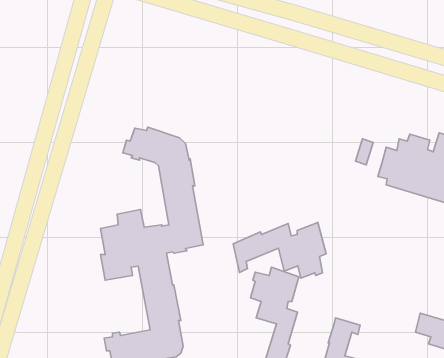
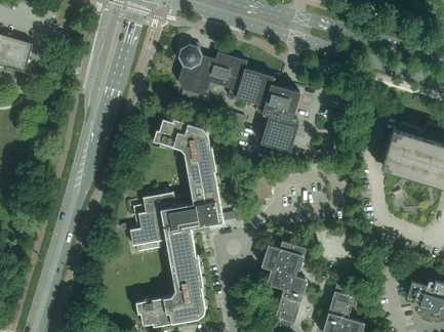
building: none -> [178,43,300,152]
building: [233,222,326,278] -> none

